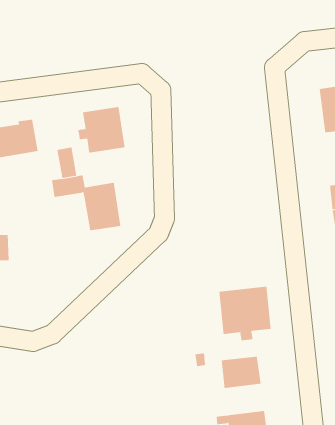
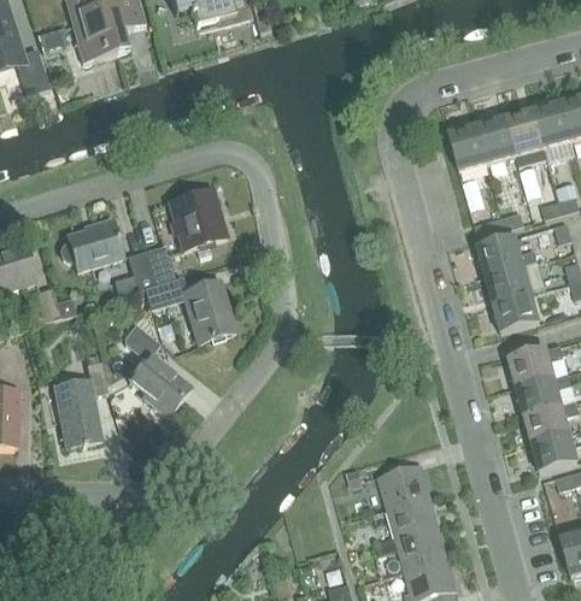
building: none -> [115,251,155,295]
building: none -> [122,324,190,417]
building: [219,286,271,341] -> none
building: none -> [386,496,439,540]

